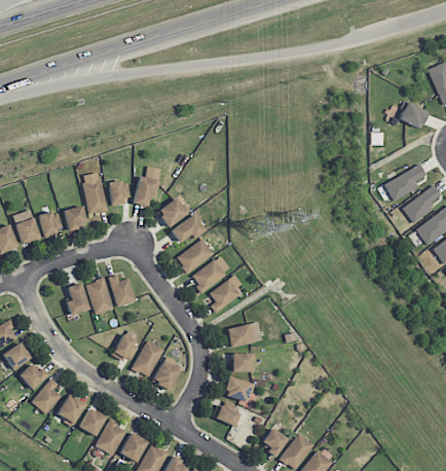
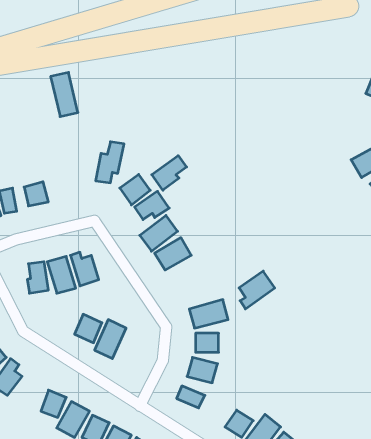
building: [81,171,108,214] -> [51,72,78,117]
building: none -> [152,156,187,190]
building: [108,180,131,205] -> none
building: [210,276,245,313] -> [239,271,275,309]
building: [153,360,179,390] -> none
building: [57,394,85,425] -> none

